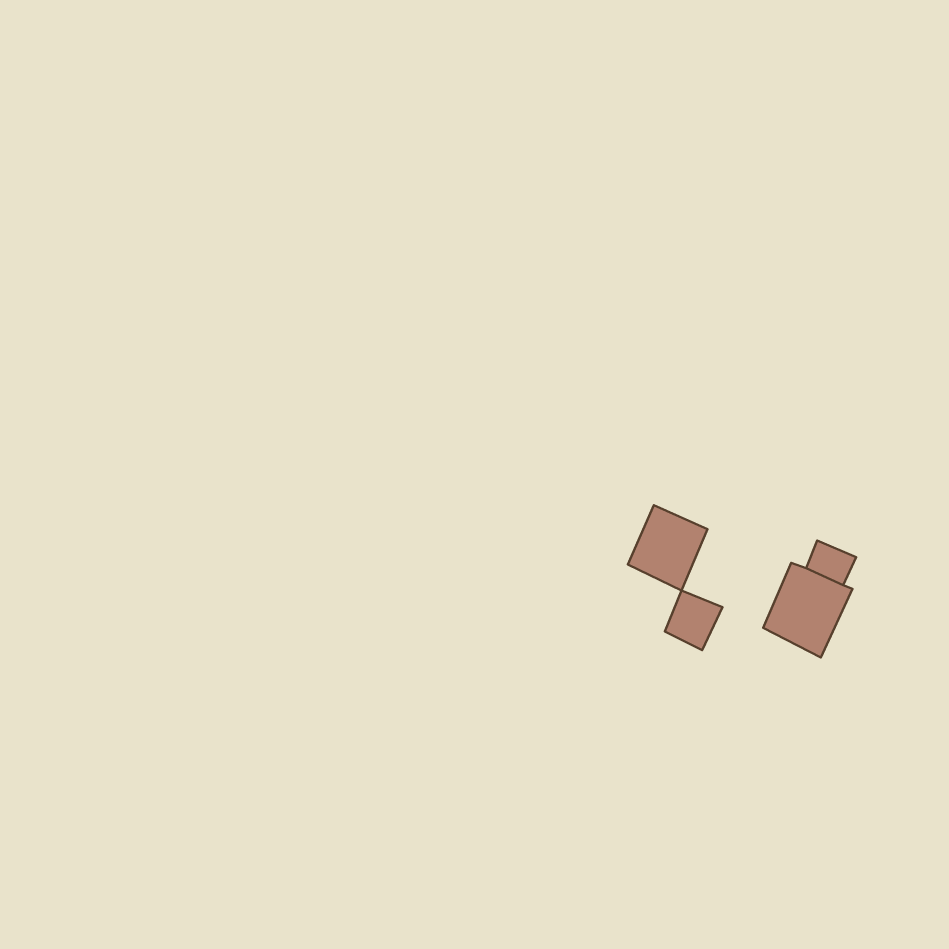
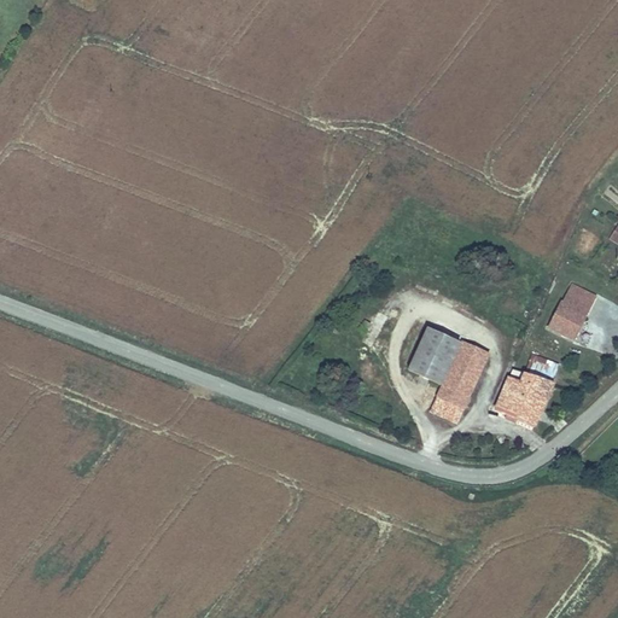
building: none -> [550,286,595,338]
building: none -> [443,344,486,395]

